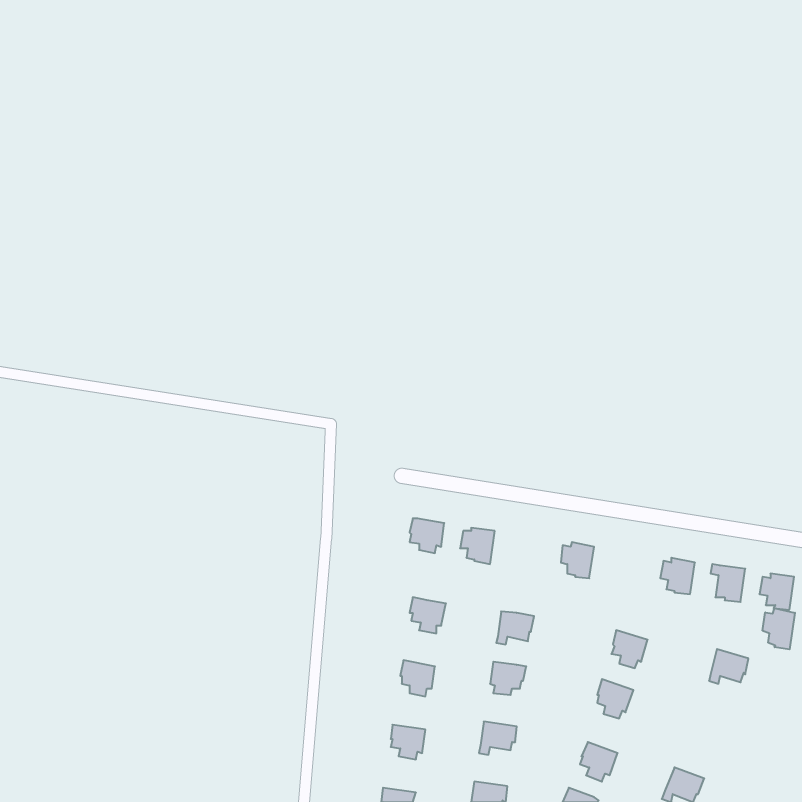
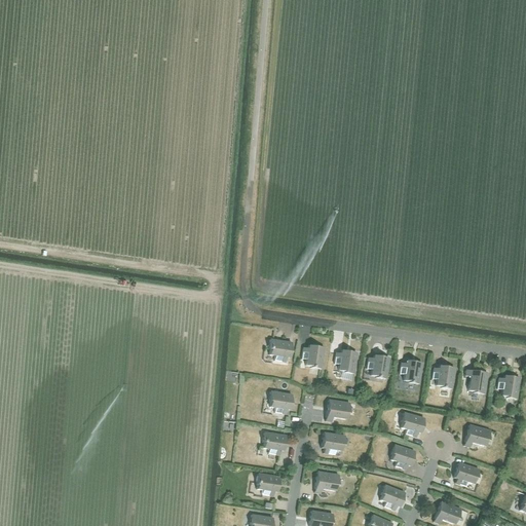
building: none -> [335,348,358,373]
building: none -> [400,359,422,382]
building: [763,608,795,649] -> none
building: none -> [454,461,480,485]

